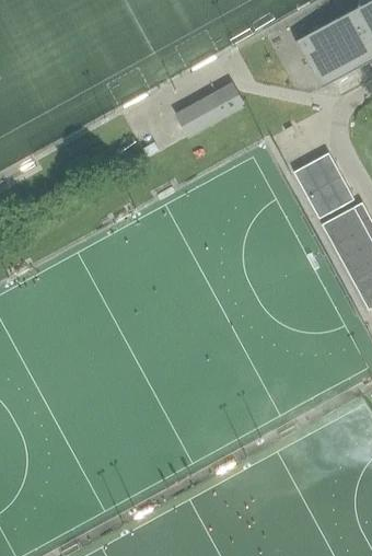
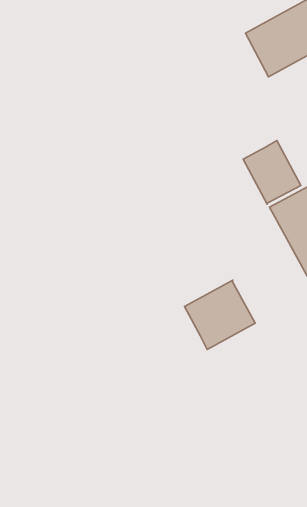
building: [175,82,244,136] -> none
building: none -> [185,280,255,349]

